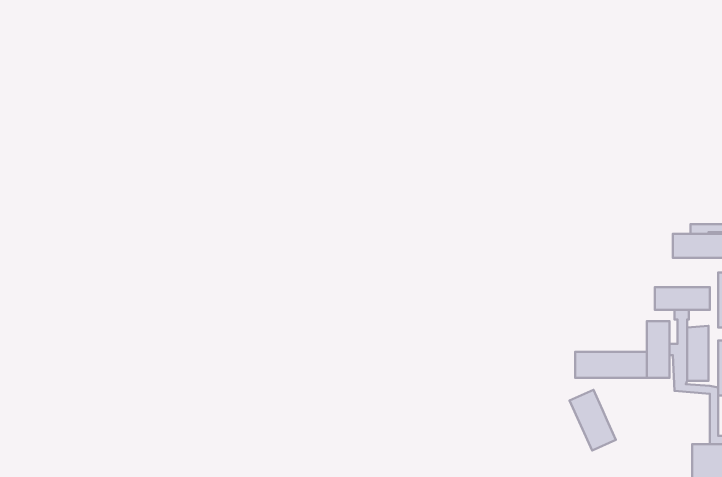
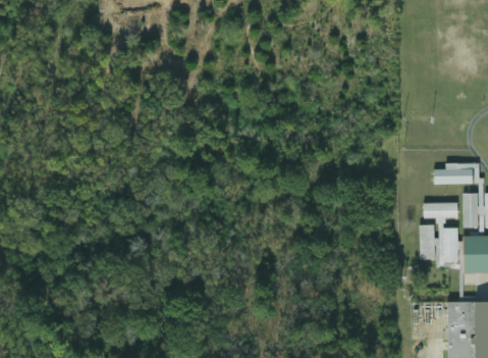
building: [575,352,647,378] -> none
building: [570,390,616,450] -> none

